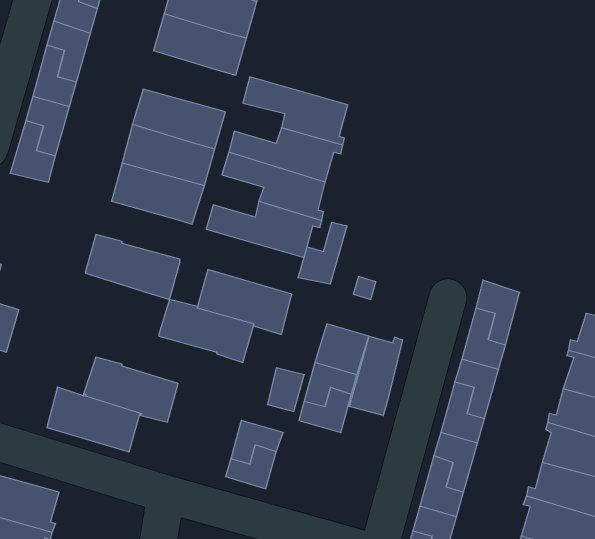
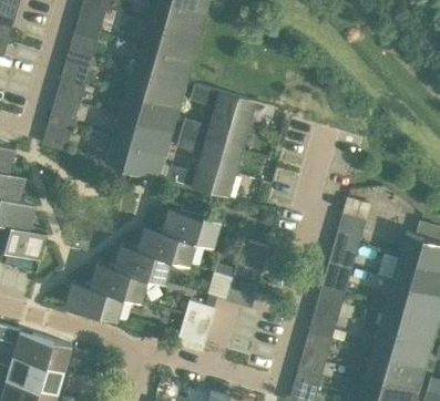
building: none -> [126,69,185,107]
building: [298,222,347,284] -> none
building: [85,235,180,299] -> [113,244,173,285]
building: [349,336,402,416] -> none

